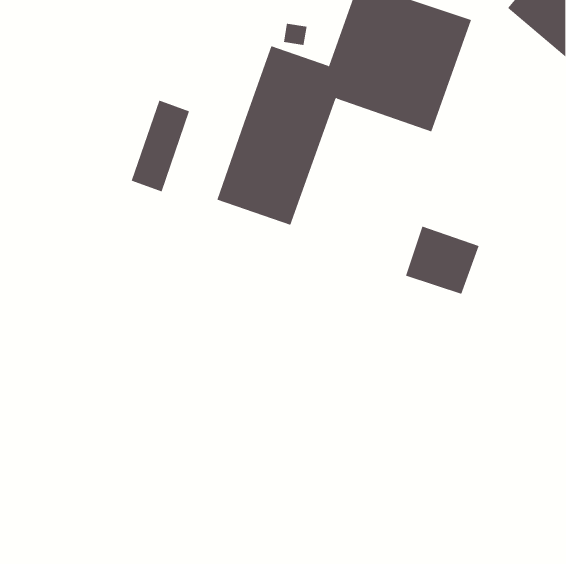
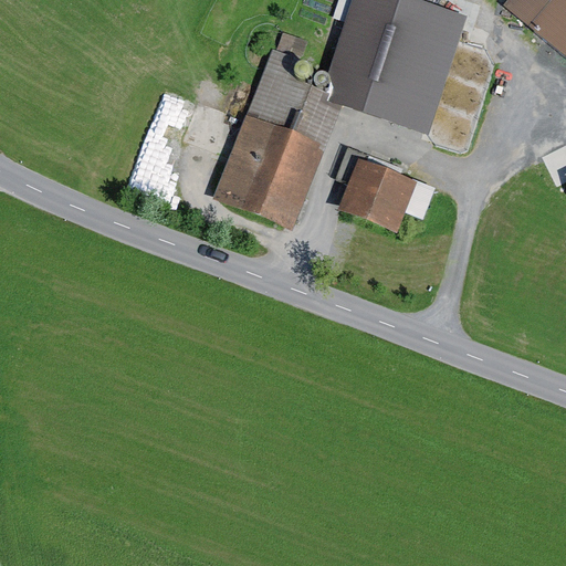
building: [405,226,480,295] -> [344,160,418,229]

